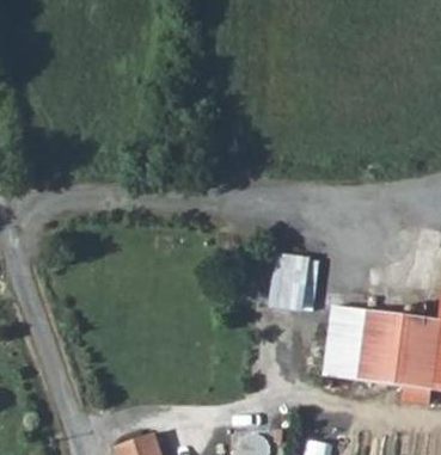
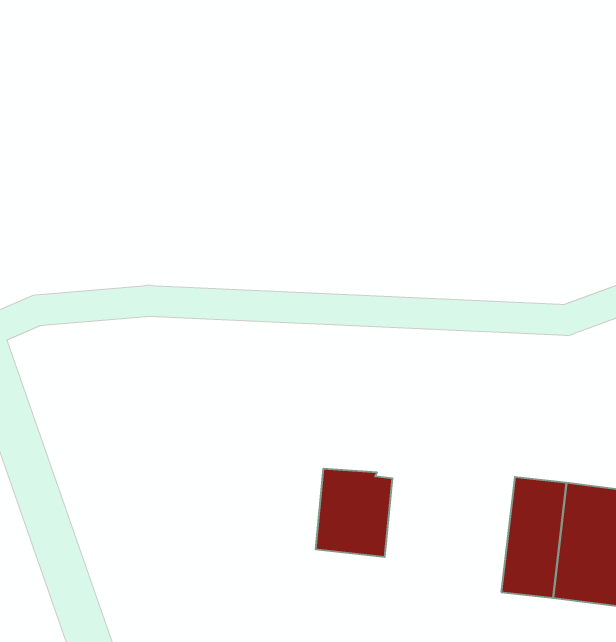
building: [269,253,317,308] -> [316,469,392,557]

